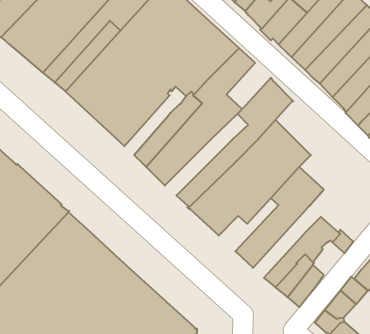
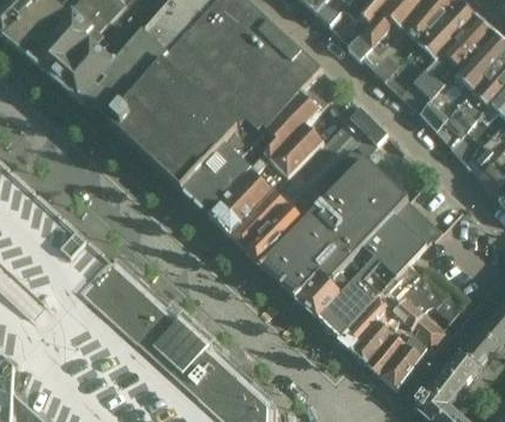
building: none -> [185,116,260,201]
building: none -> [234,150,336,251]
building: none -> [300,253,373,318]
building: none -> [342,263,425,350]
building: none -> [415,313,451,352]

